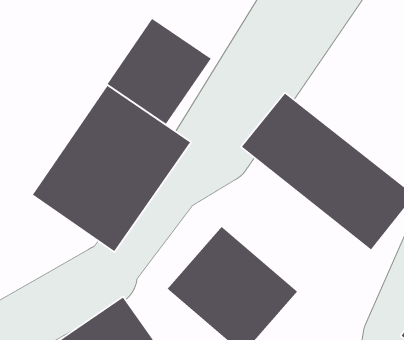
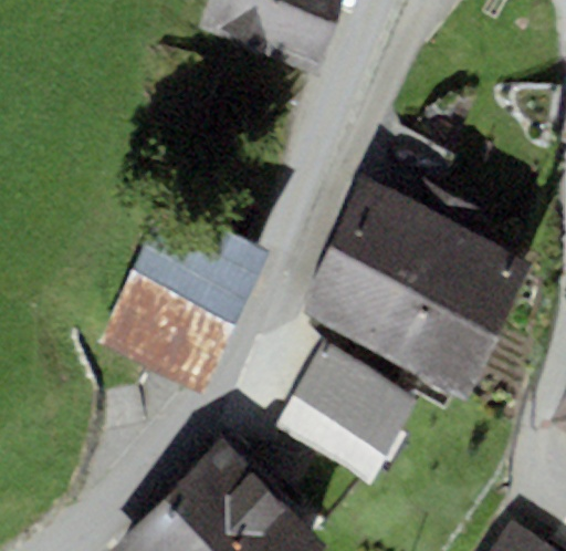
building: [106,18,212,125] -> none
building: none -> [293,246,500,403]

